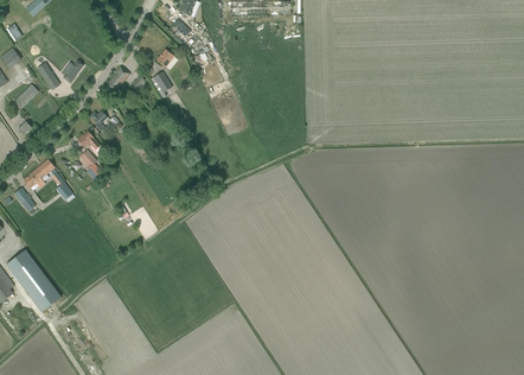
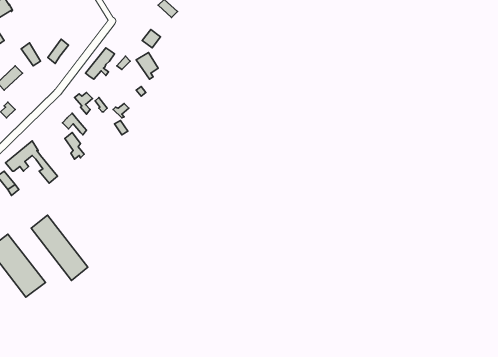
building: none -> [31,215,88,280]

